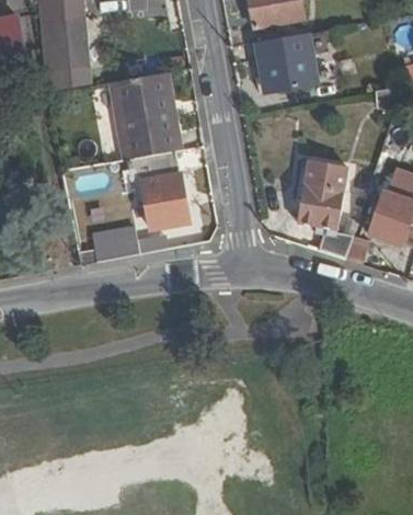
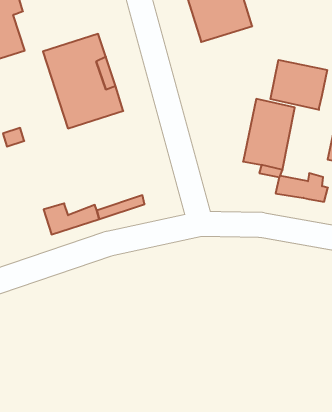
building: none -> [270,60,327,110]
building: [125,151,186,228] -> none

